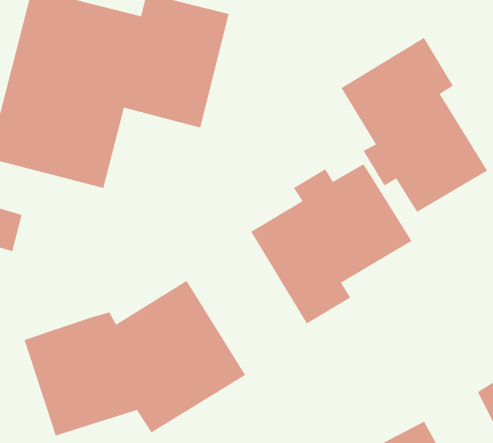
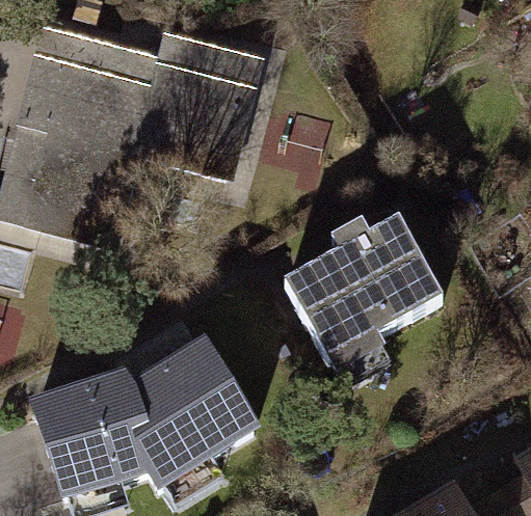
building: [340,37,488,213] -> none

